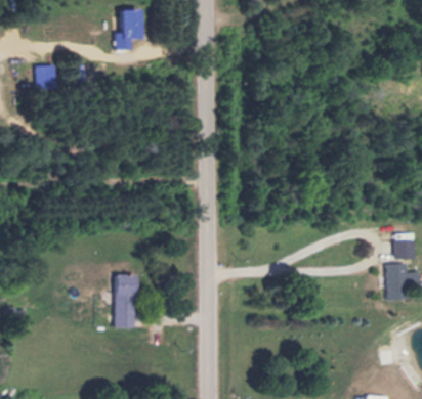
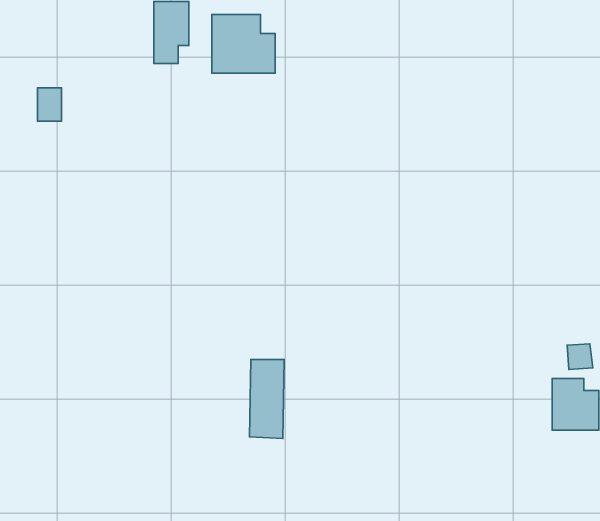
building: none -> [212,15,275,73]
building: [113,275,136,328] -> [249,360,284,438]

